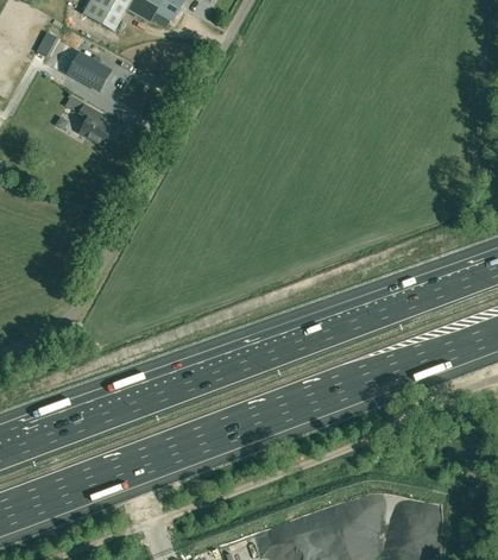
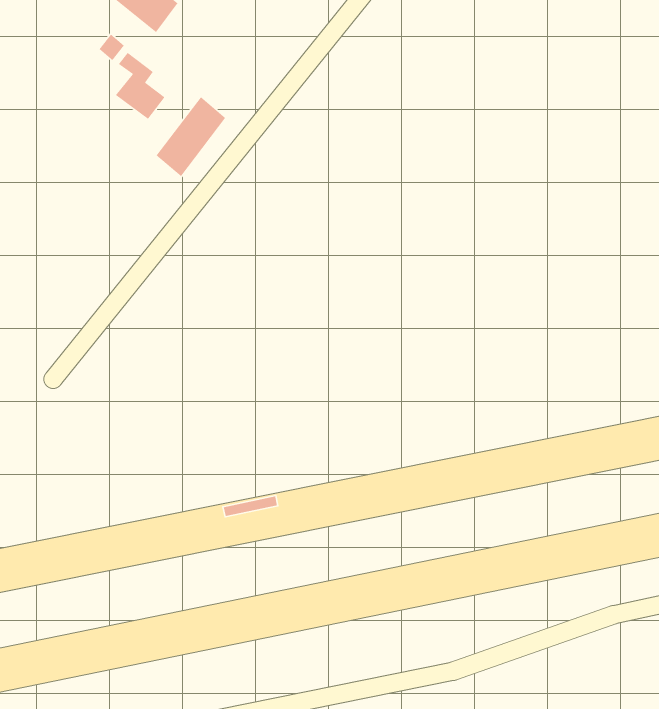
building: none -> [156,96,226,177]

